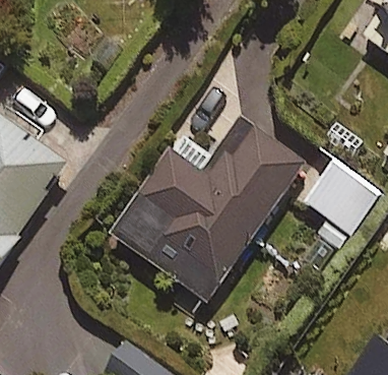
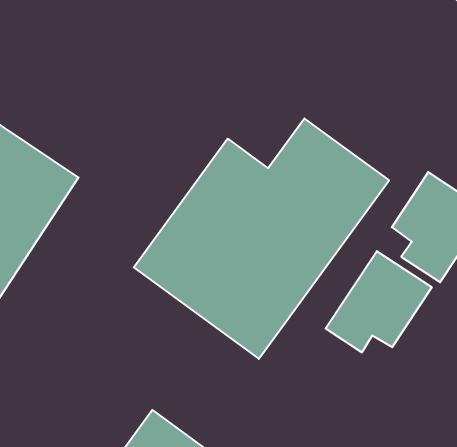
building: none -> [326,251,432,353]

